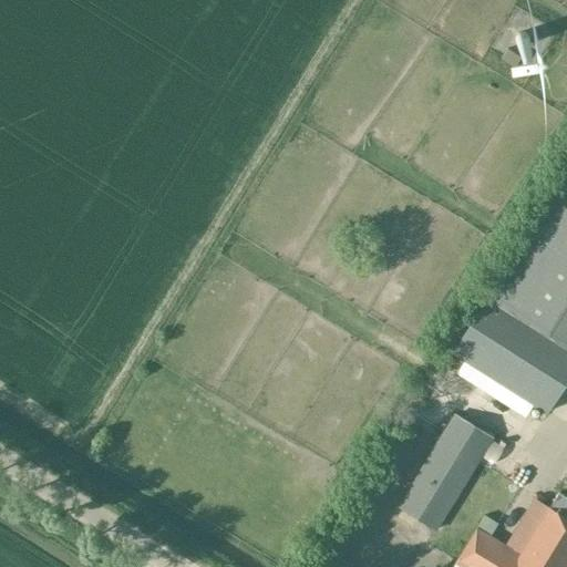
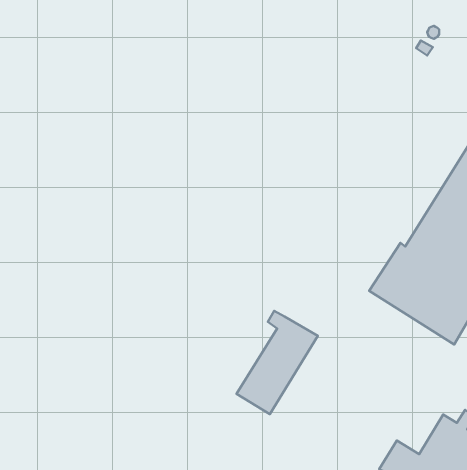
building: [400,409,497,533] -> [236,311,318,414]

